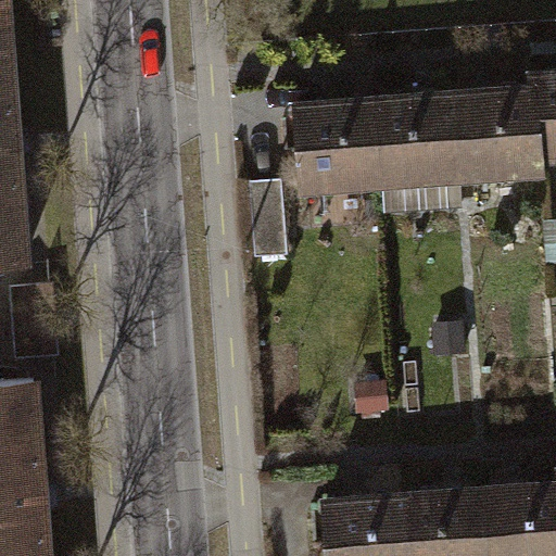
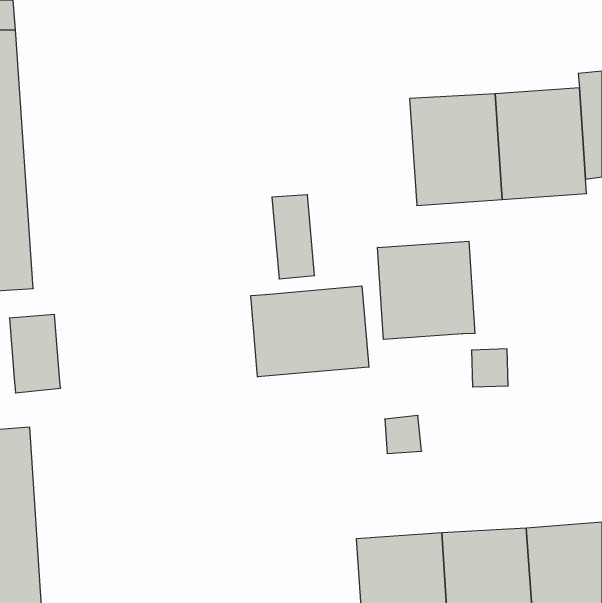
building: [296,93,381,197] -> none
building: none -> [378,241,475,339]
building: none -> [251,286,369,377]

